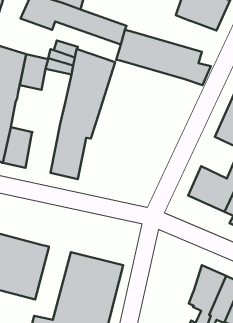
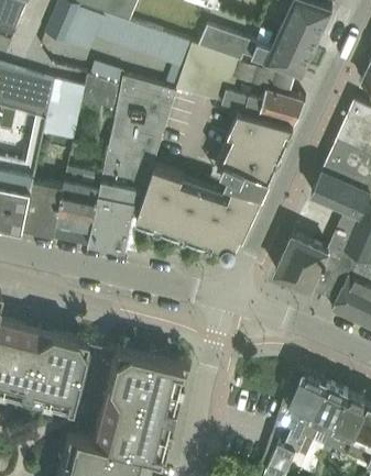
building: none -> [199,26,315,79]
building: none -> [138,111,295,258]
building: none -> [55,170,102,243]

